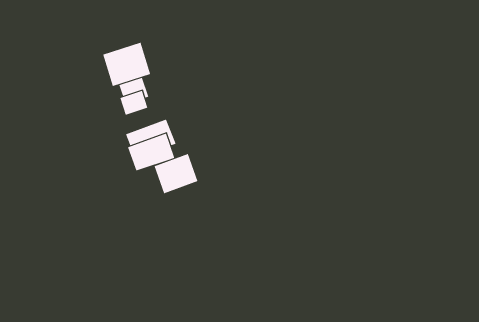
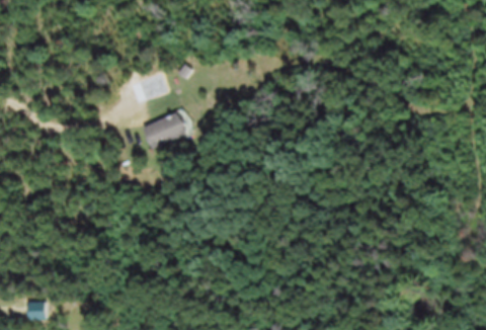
building: [102,42,151,87] -> none
building: [154,153,198,194] -> none

